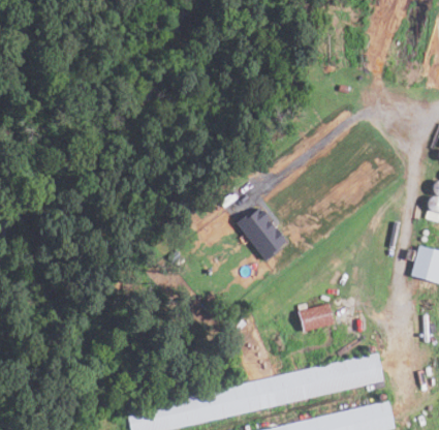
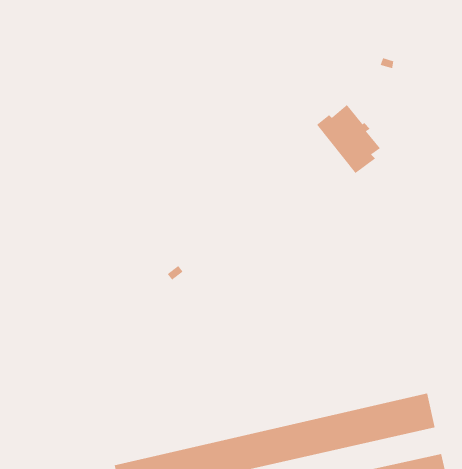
building: [234,207,286,263] -> [316,104,381,174]
building: [299,304,335,333] -> none

